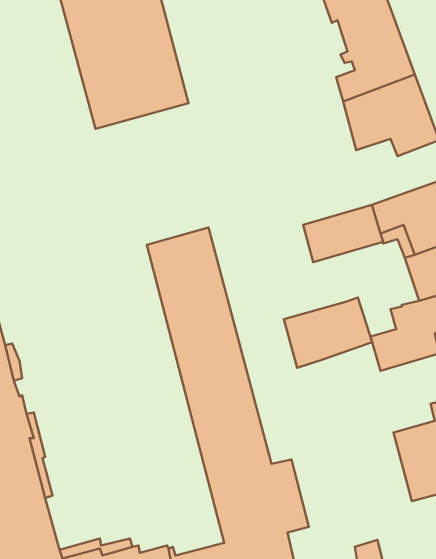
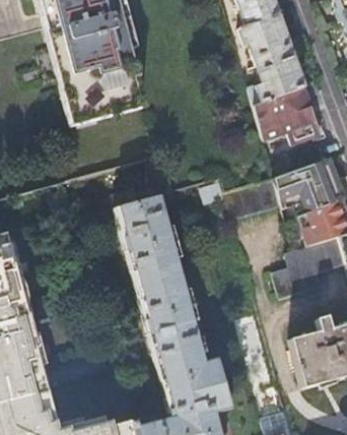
building: [284,297,372,368] -> none

